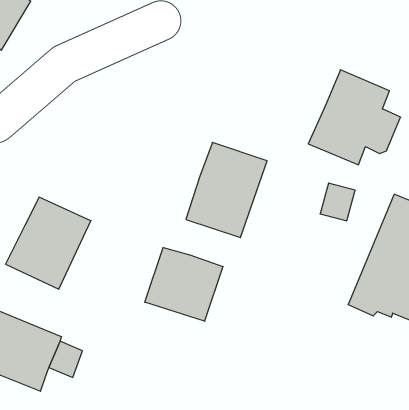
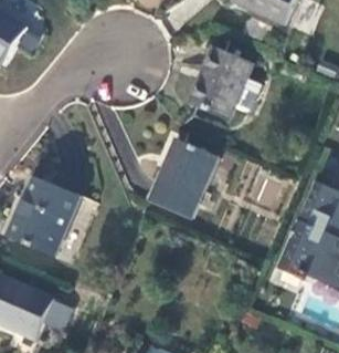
building: [308,70,401,165] -> [188,46,261,122]
building: [145,247,223,321] -> none

